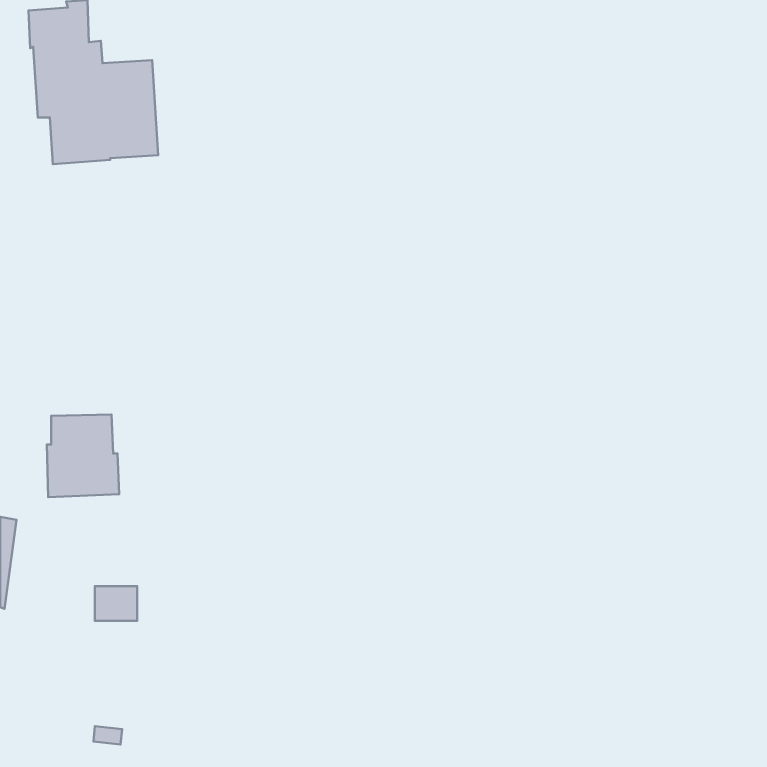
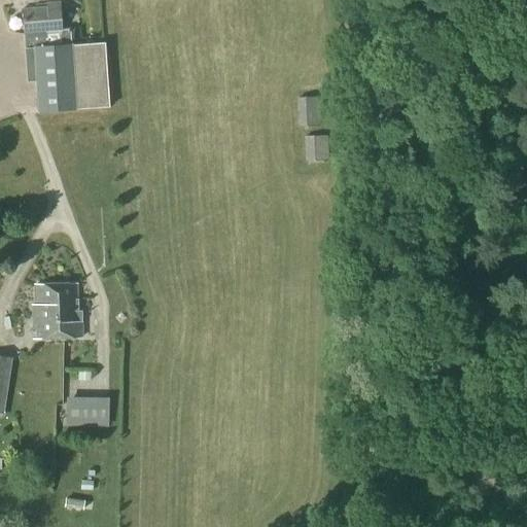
building: none -> [297,96,321,126]
building: none -> [305,134,328,160]

